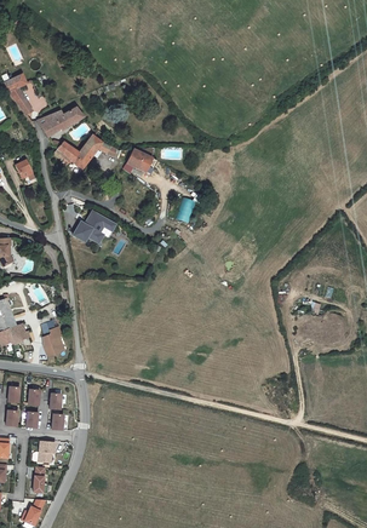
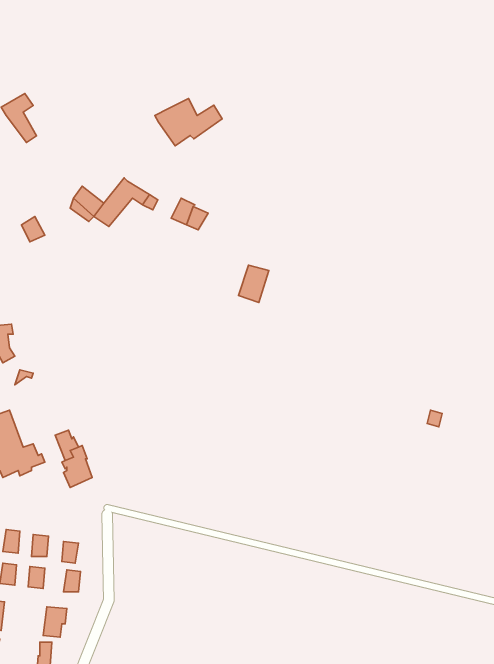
building: [35,102,84,136] -> [155,99,222,146]
building: [69,216,105,246] -> none

